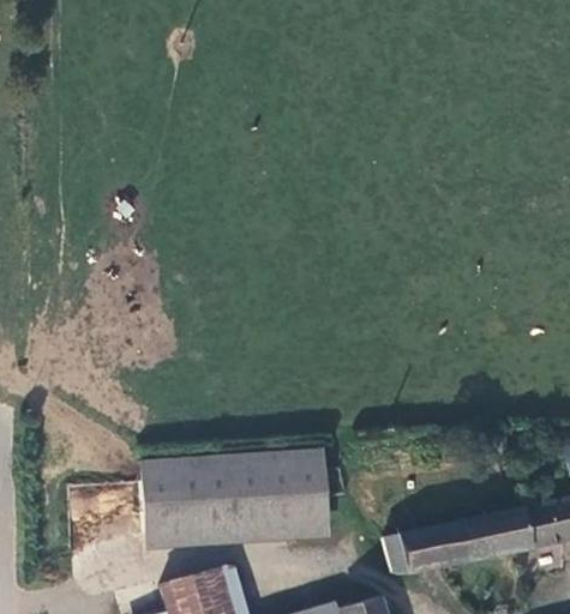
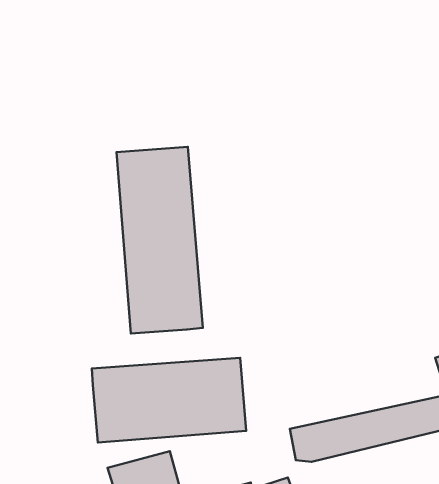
building: none -> [117,147,203,334]

